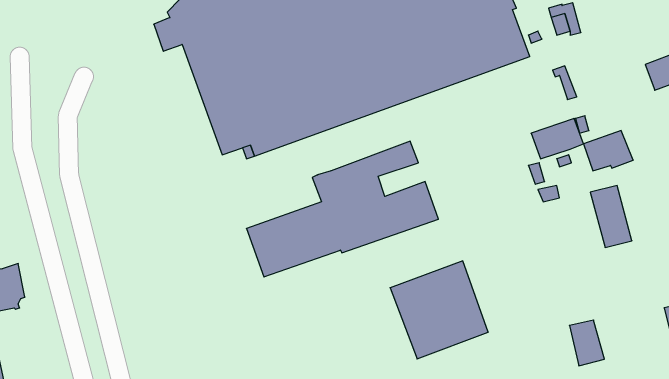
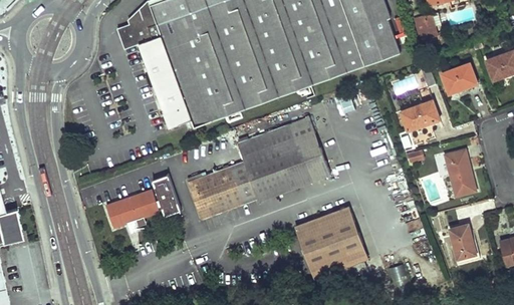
building: [584,131,633,171] -> [441,63,478,93]
building: none -> [285,133,320,159]
building: none -> [105,175,181,228]
building: [569,320,604,366] -> [449,225,475,259]

